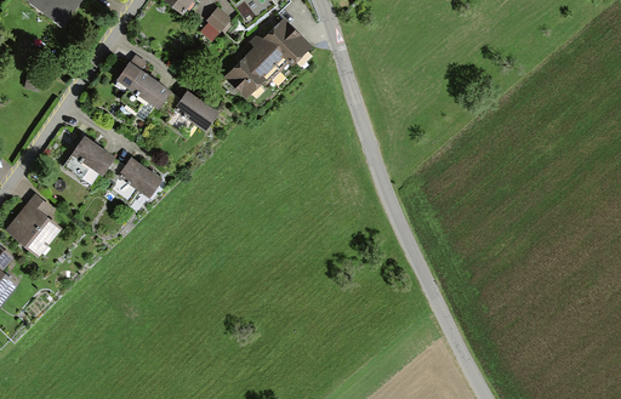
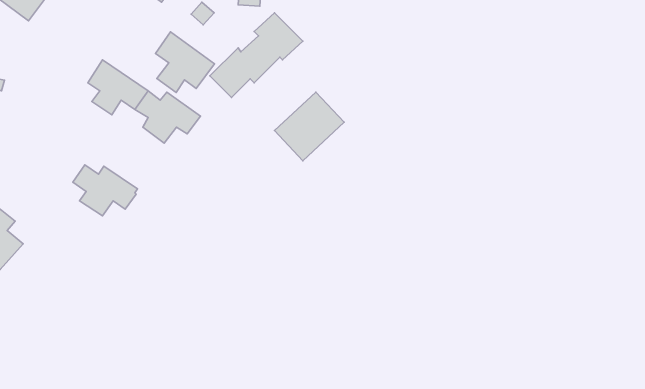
building: none -> [156,32,215,93]
building: none -> [275,92,344,161]
building: [62,136,112,177] -> none

